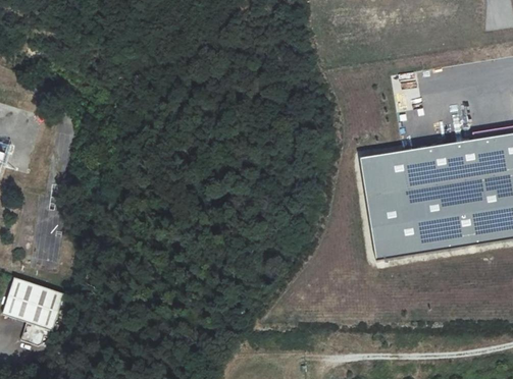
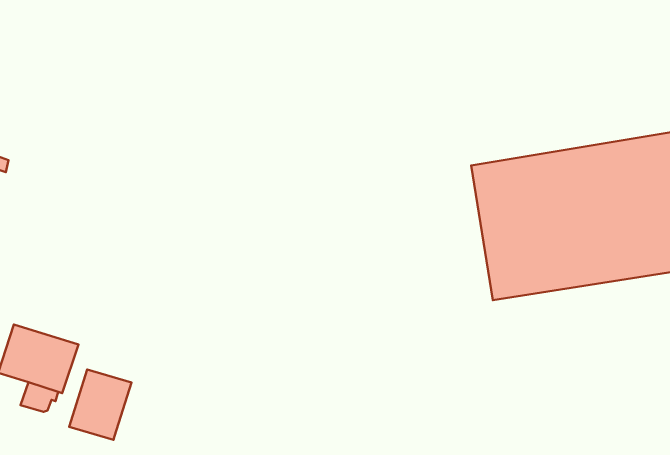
building: none -> [69,370,131,440]

